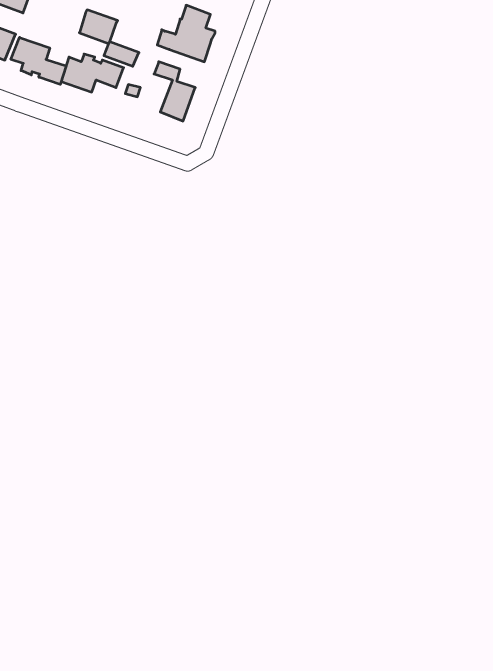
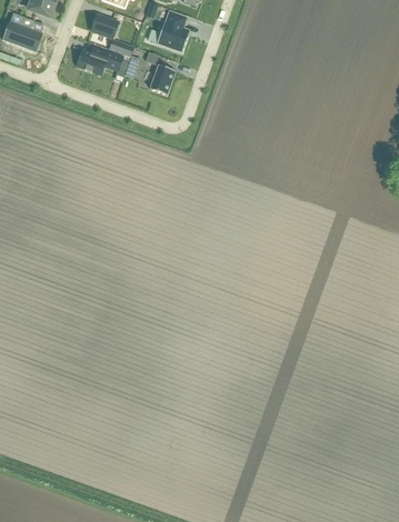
building: [11,37,66,84] -> none

